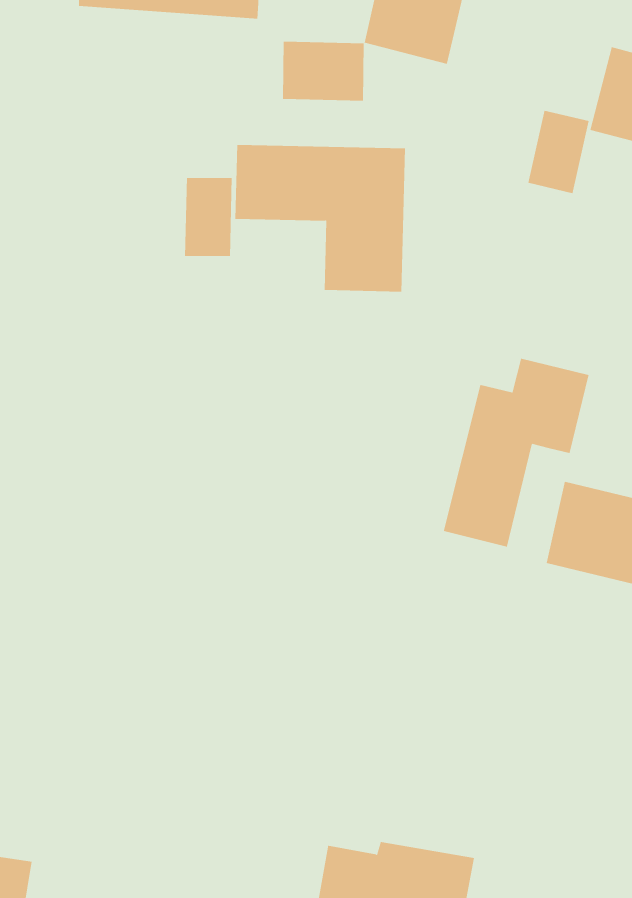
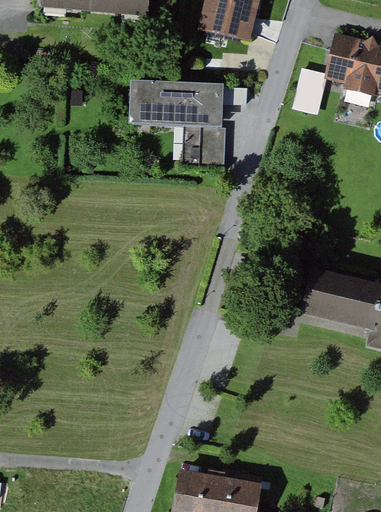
building: [282,41,364,101] -> none
building: [185,177,232,257] -> none
building: [443,358,589,548] -> none

